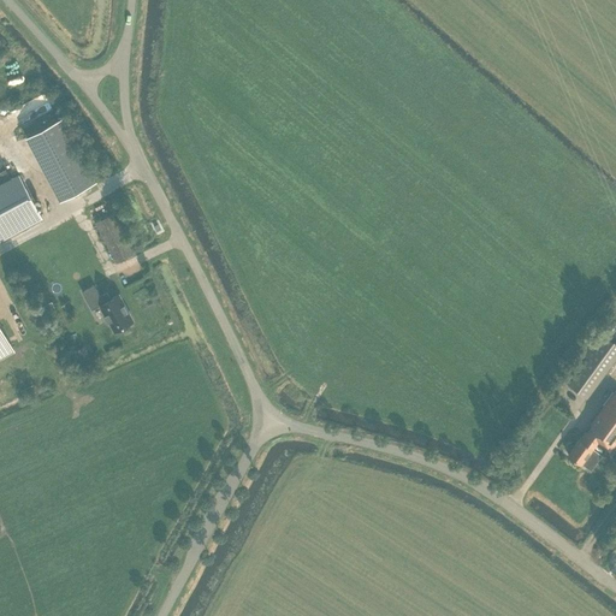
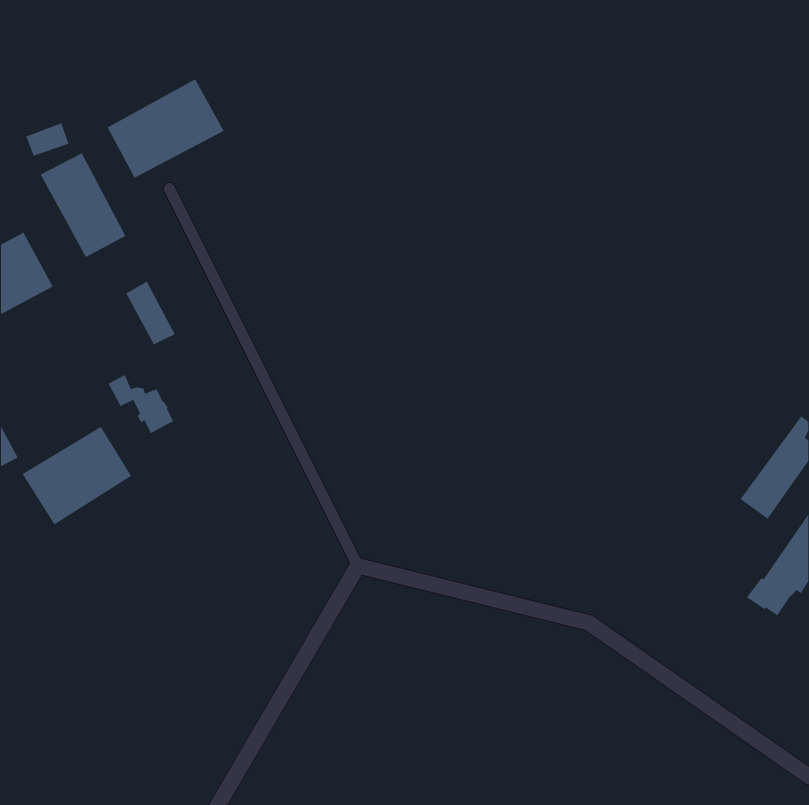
building: none -> [106,78,225,179]
building: none -> [21,426,132,525]

